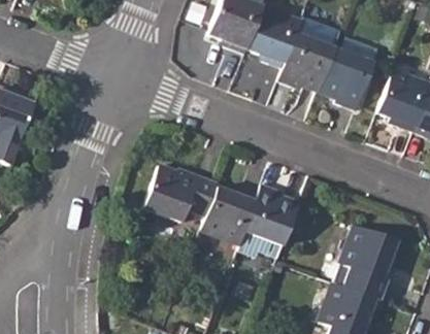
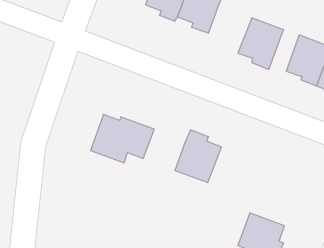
building: [278,34,335,92] -> none
building: [200,189,256,244] -> none
building: [340,225,397,300] -> none

